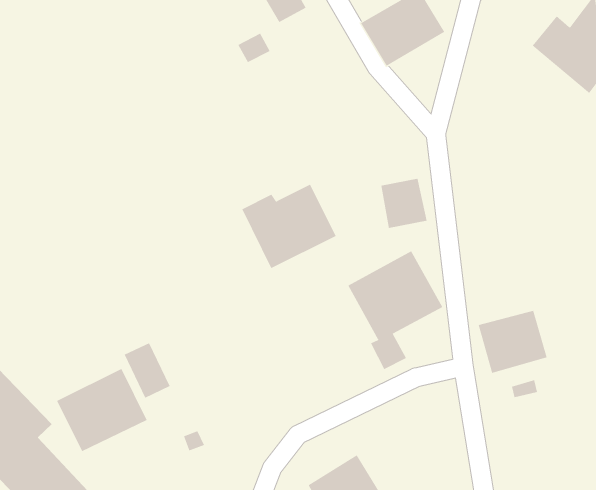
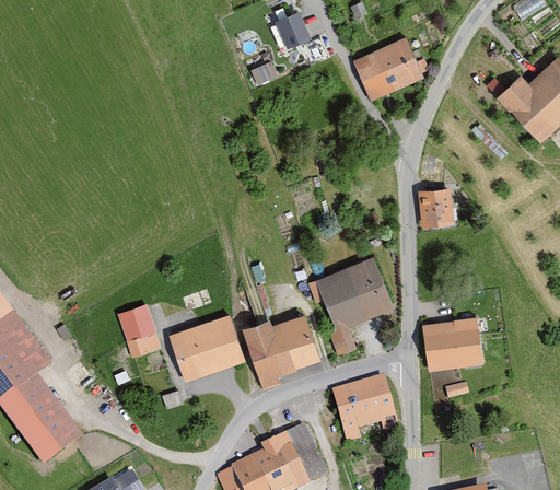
building: [380,178,427,228] -> [419,188,455,228]
building: [241,184,336,269] -> [243,313,320,381]
building: [56,368,148,452] -> [170,314,245,381]
building: none -> [332,376,396,434]

